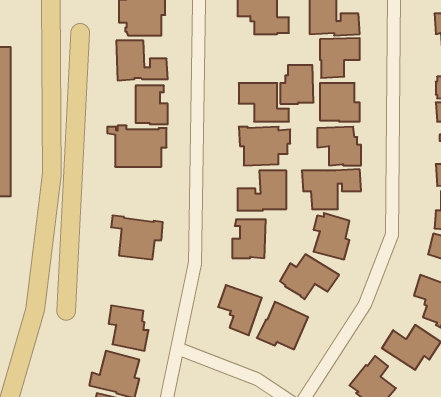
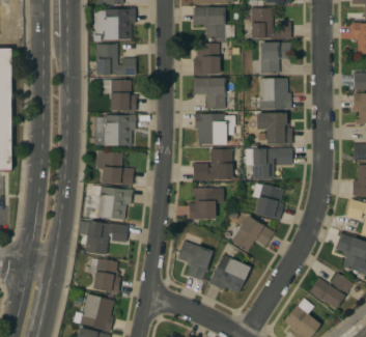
building: [280,65,314,104] -> [193,44,220,75]
building: none -> [95,150,135,186]
building: none -> [79,221,128,254]

